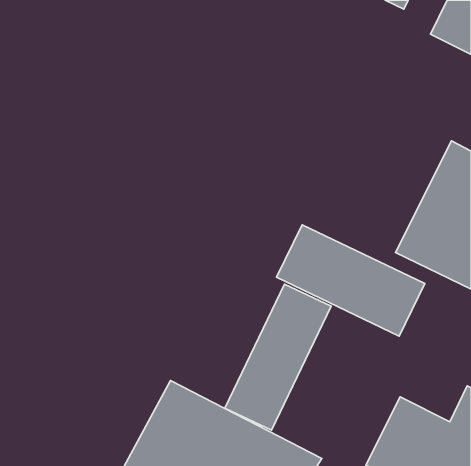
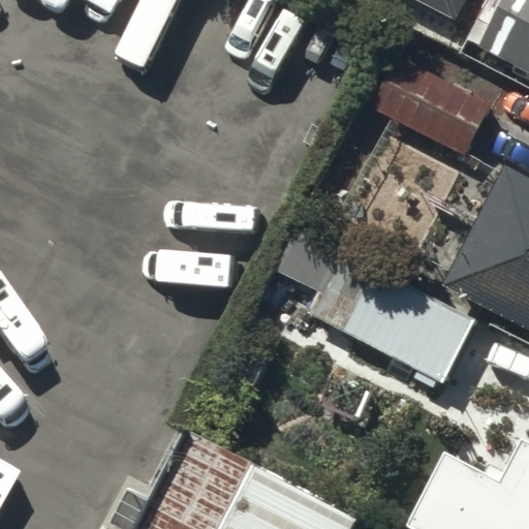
building: none -> [374,58,492,155]
building: [225,284,331,430] -> none

